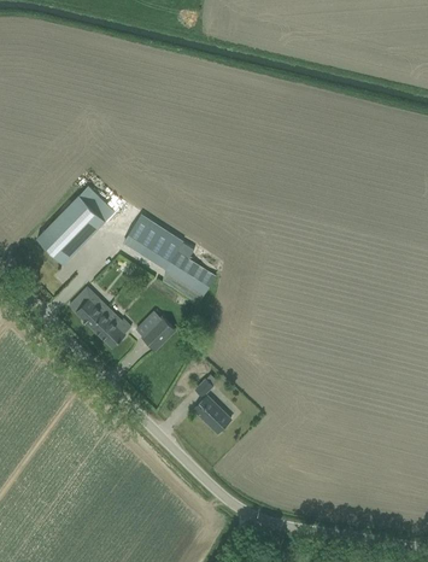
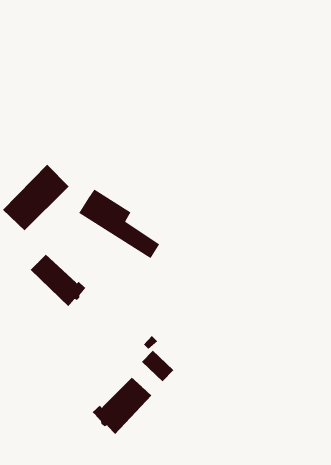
building: [140,316,175,350] -> none
building: none -> [92,377,152,435]

